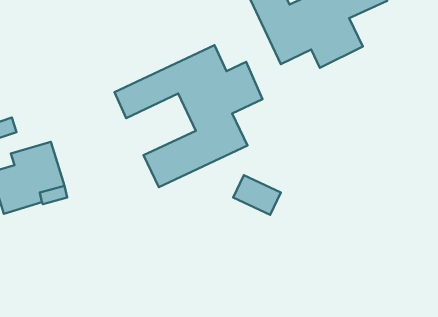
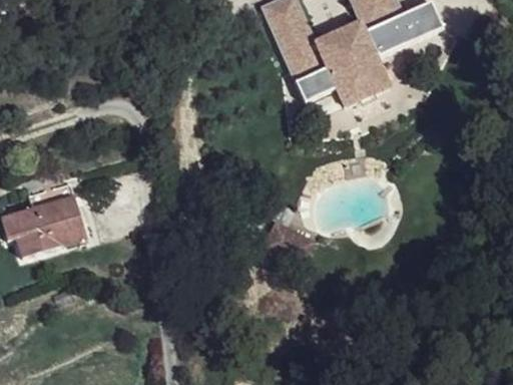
building: [114,45,263,187] -> none

